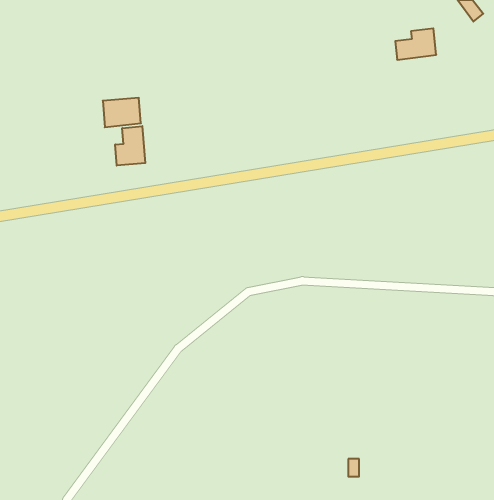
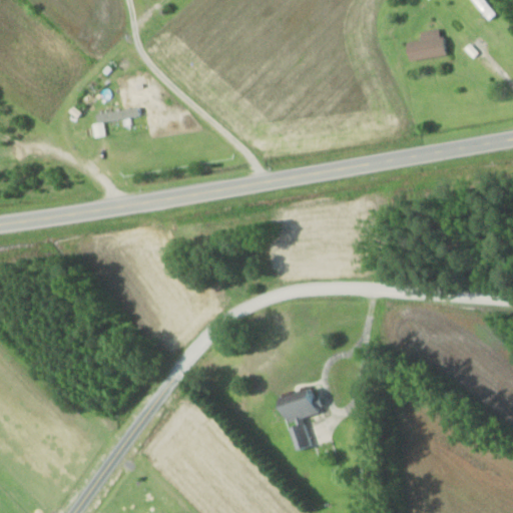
building: [115,126,145,166] -> none
building: none -> [281,388,324,452]

